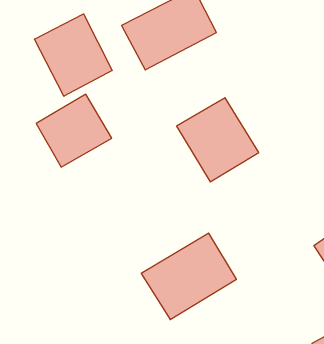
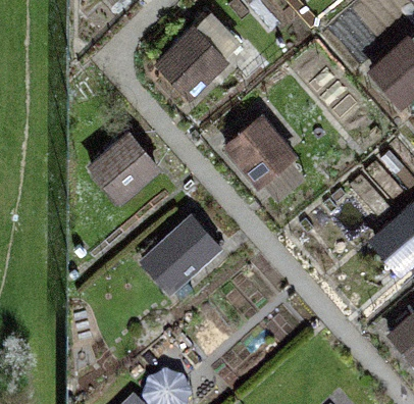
building: [34,14,112,96] -> none
building: [141,233,236,320] -> [135,210,226,299]

